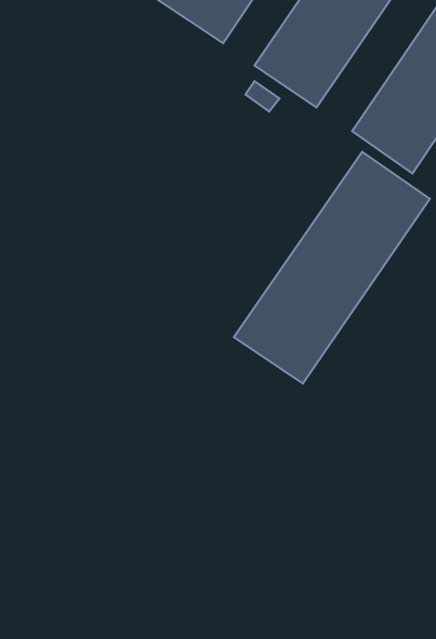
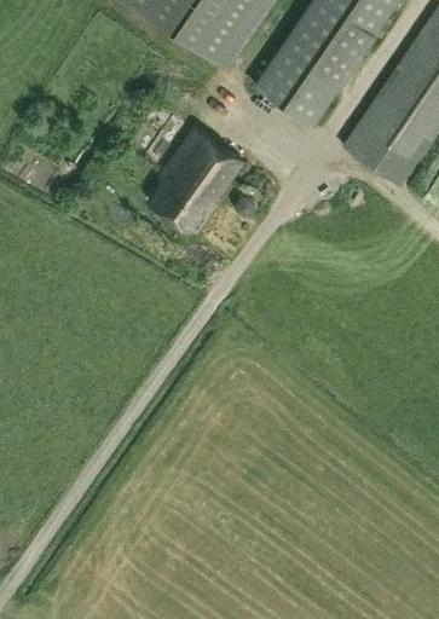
building: none -> [148,127,241,228]
building: [234,152,430,383] -> none

